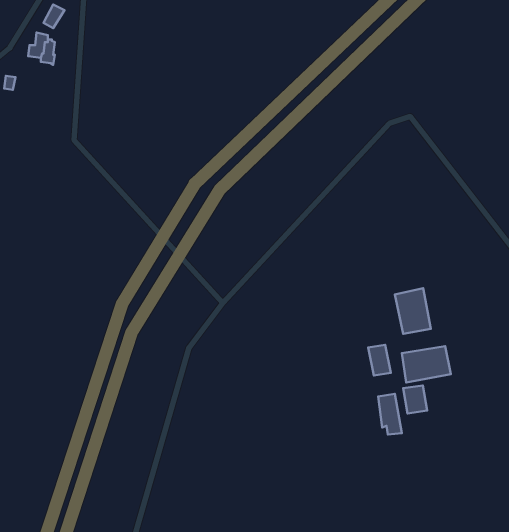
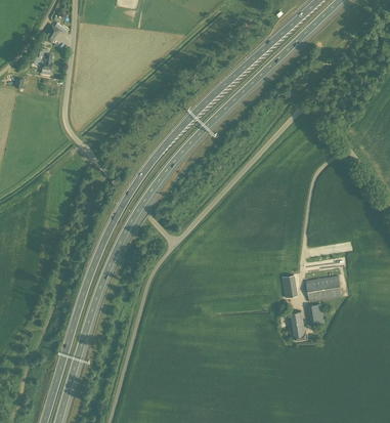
building: [395,288,431,334] -> none

